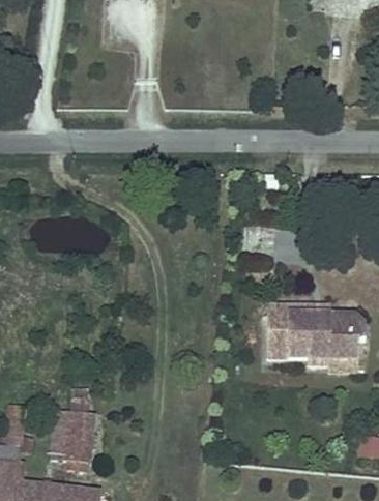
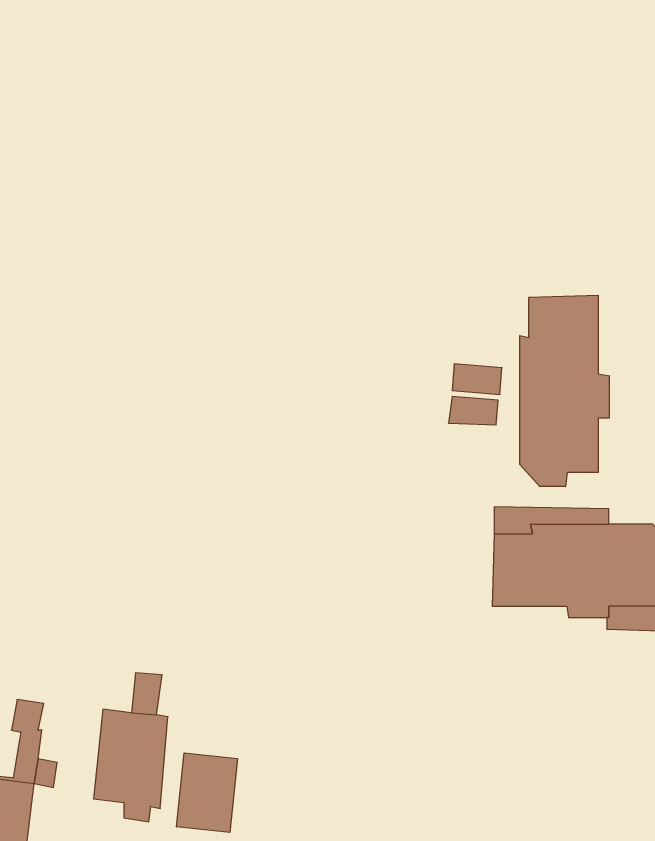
building: none -> [520,295,609,487]
building: none -> [177,753,237,832]

